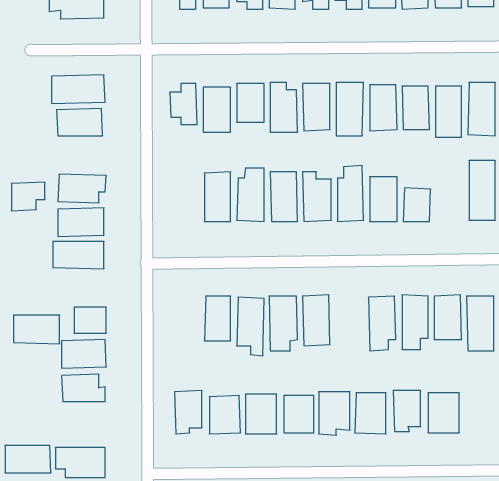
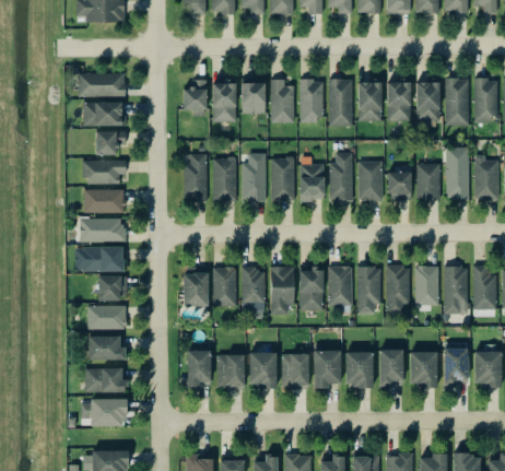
building: none -> [184,154,208,201]
building: none -> [418,163,441,200]
building: [11,182,45,211] -> [96,130,126,155]
building: none -> [329,266,353,306]
building: none -> [184,267,208,306]
building: [14,315,60,344] -> [83,247,124,272]
building: none -> [444,348,468,386]
building: [5,445,51,473] -> [85,368,126,392]

